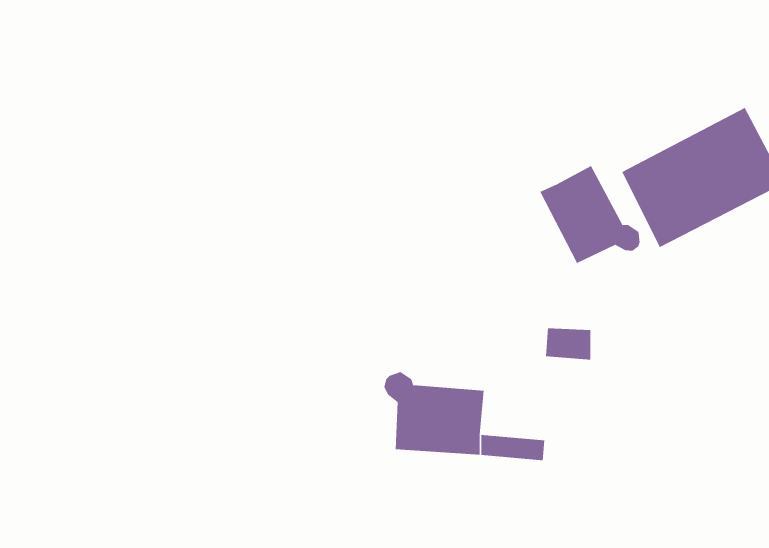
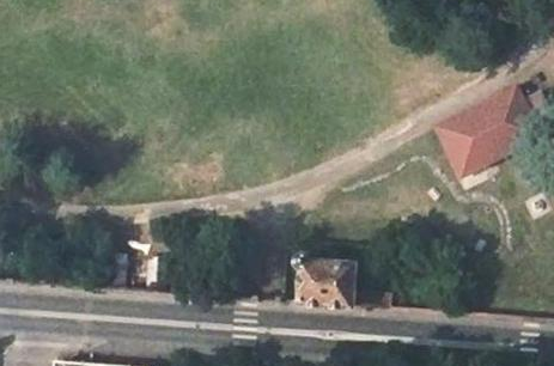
building: [539,165,640,264] -> none

